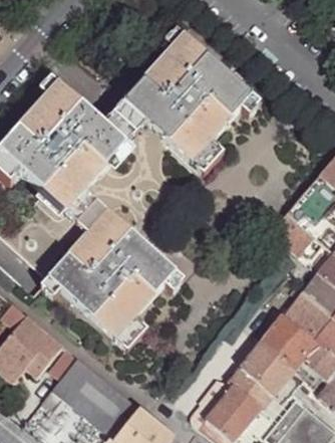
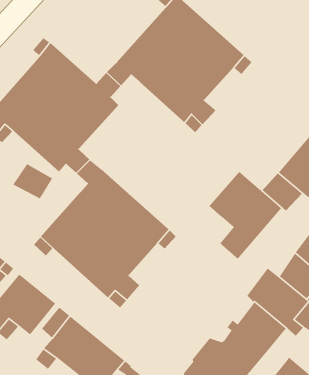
building: none -> [12,163,53,200]
building: none -> [208,171,282,260]

